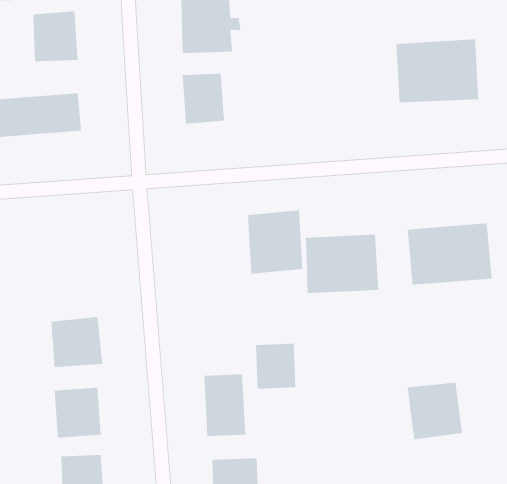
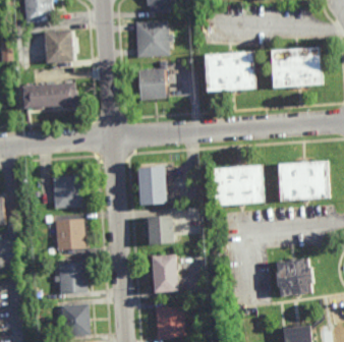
building: none -> [203,51,255,92]
building: [247,210,303,274] -> [136,167,171,207]
building: none -> [53,176,82,209]
building: [255,343,296,389] -> [147,217,172,245]

